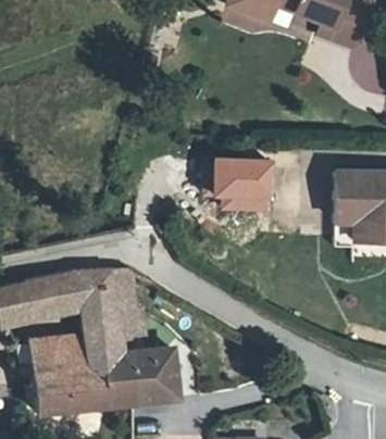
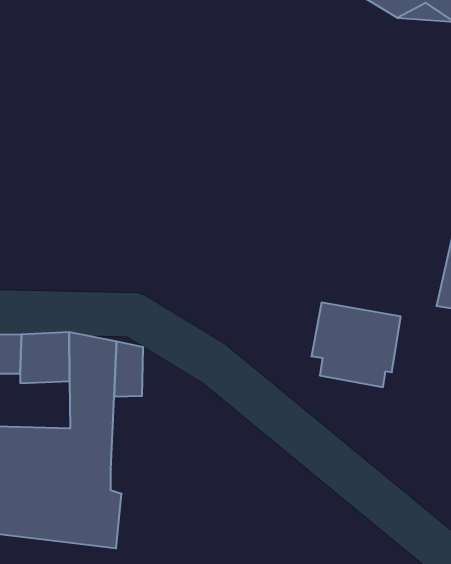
building: [223,159,278,209] -> [311,302,401,387]
building: [125,355,179,407] -> none

